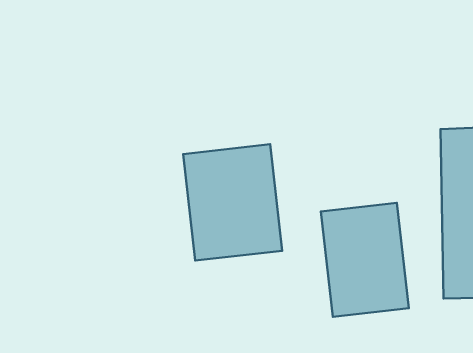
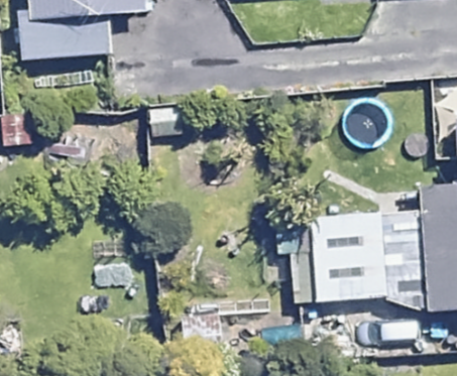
building: [183,144,282,260] -> none

